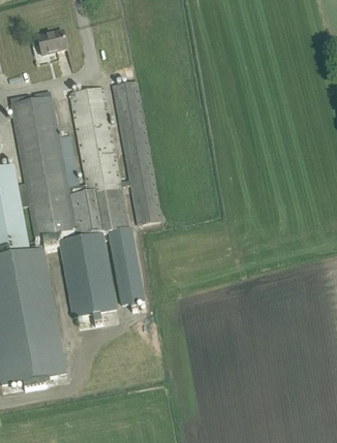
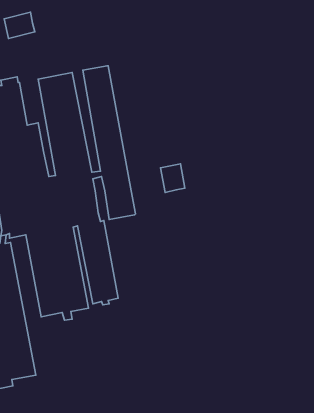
building: none -> [161,164,185,192]

